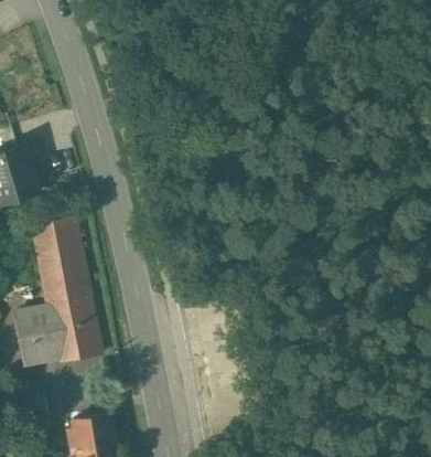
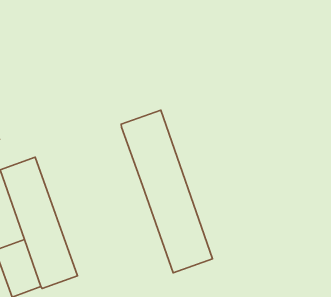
building: none -> [121,110,213,273]

